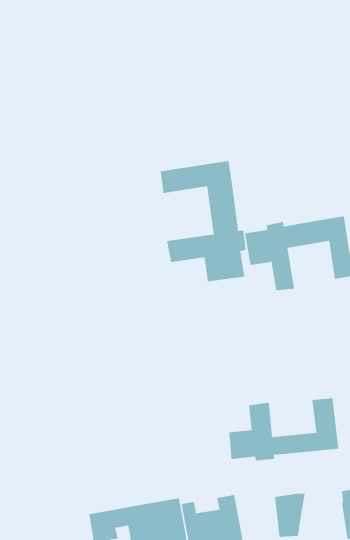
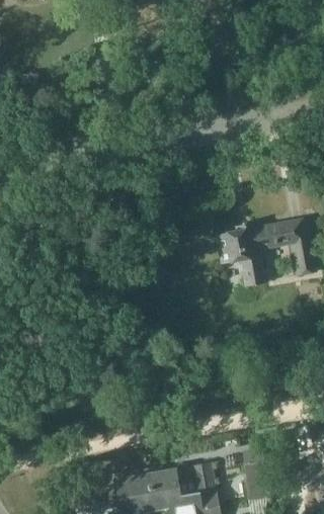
building: [160,160,246,282] -> none
building: [229,398,339,461] -> none

